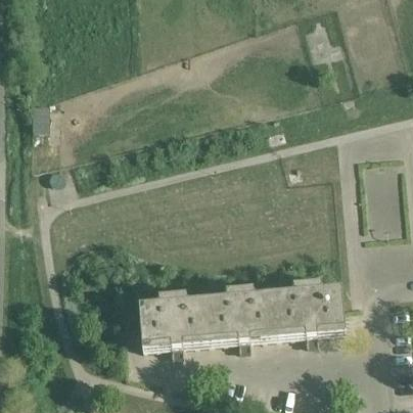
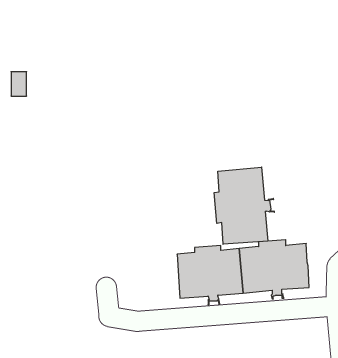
building: none -> [214,167,274,244]
building: [139,293,210,356] -> none

